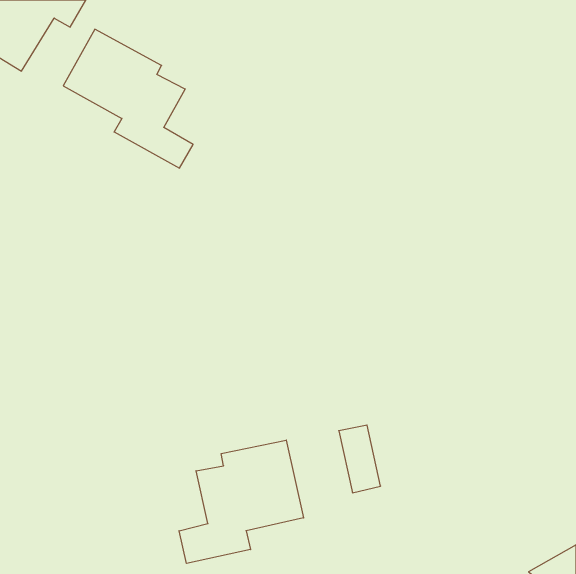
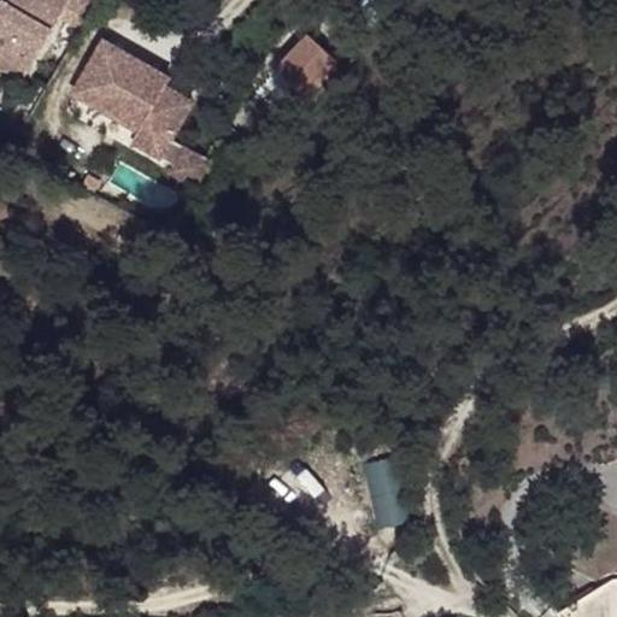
building: none -> [272,28,341,96]
building: [179,440,304,563] -> none

